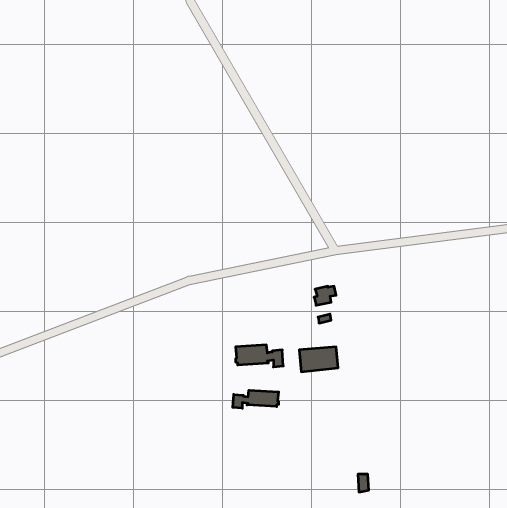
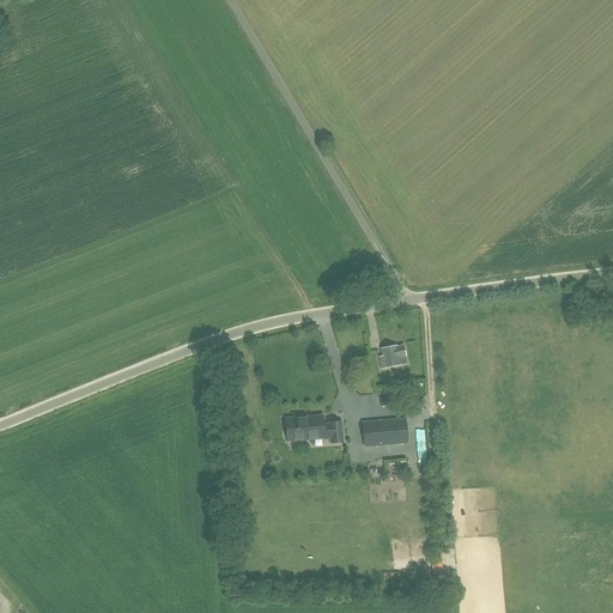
building: [233,390,279,408] -> none

